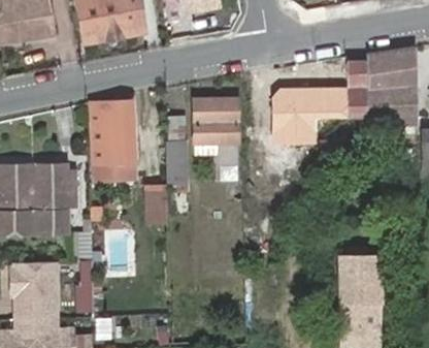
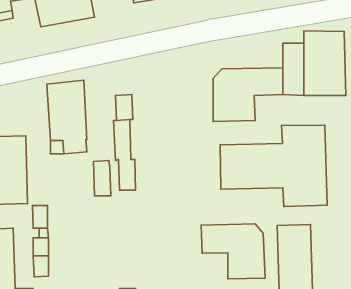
building: [194,100,238,167] -> none
building: none -> [220,125,327,207]
building: none -> [201,224,265,279]

